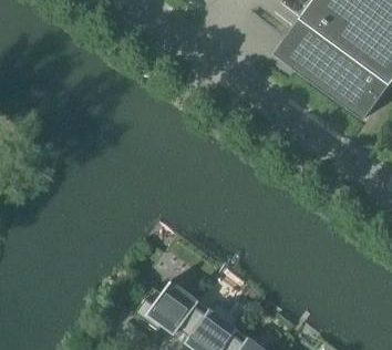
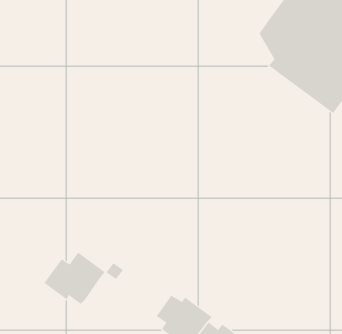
building: [134,280,198,334] -> [43,252,106,304]

